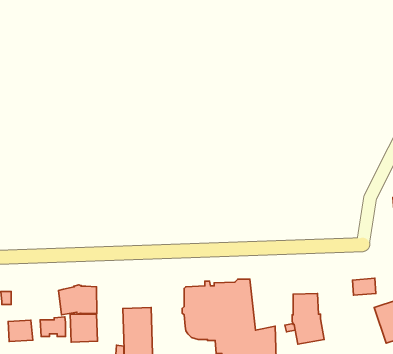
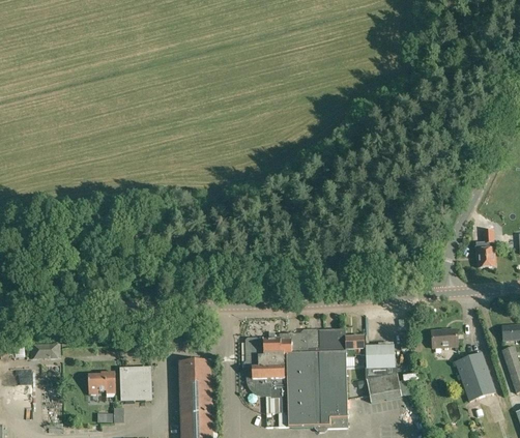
building: none -> [318,328,366,385]
building: [59,285,97,315] -> none
building: [8,320,33,341] -> none

